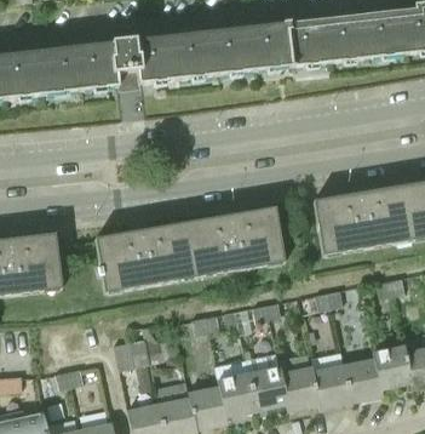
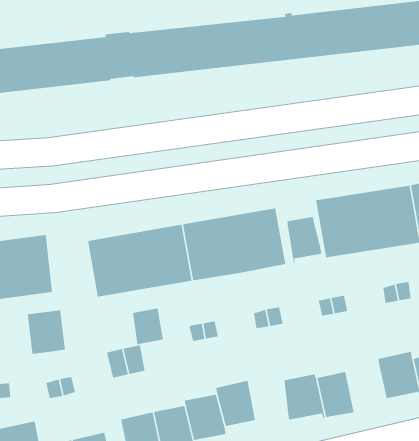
building: none -> [287,216,322,264]
building: none -> [132,307,164,345]
building: none -> [27,309,66,355]
building: [341,356,381,402] -> none
building: [248,365,286,410] -> none

